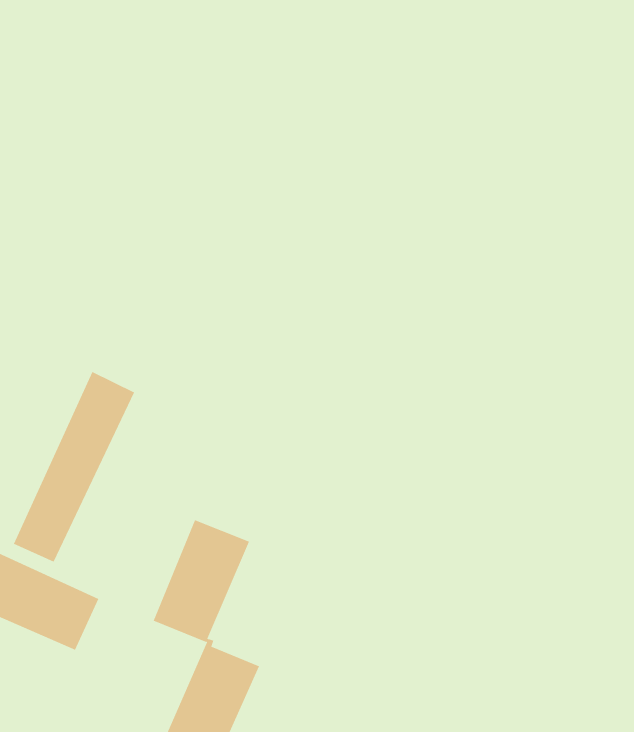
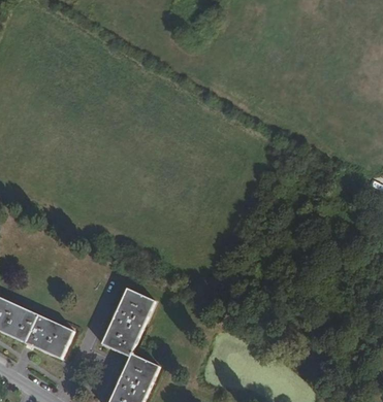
building: [13,371,135,563] -> none

